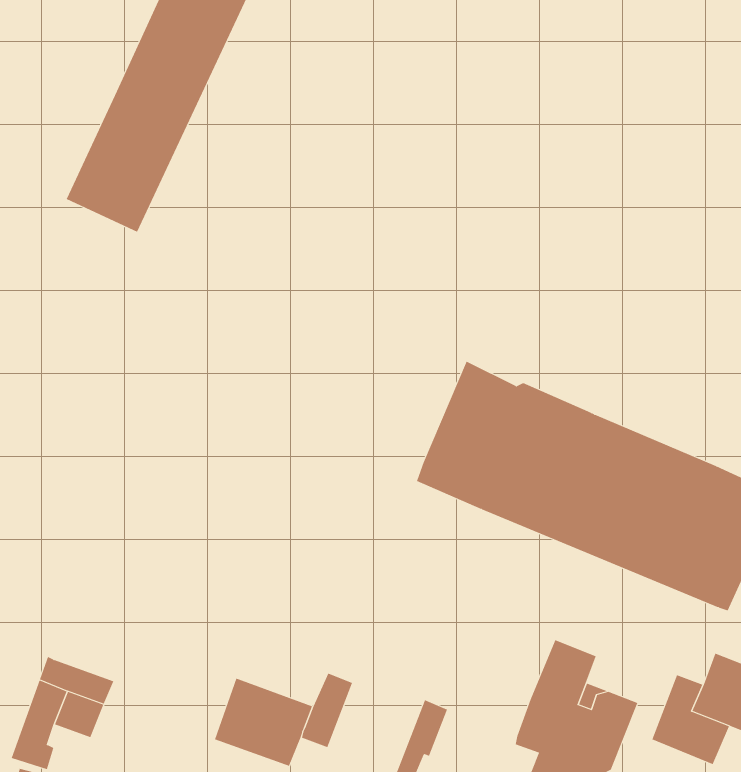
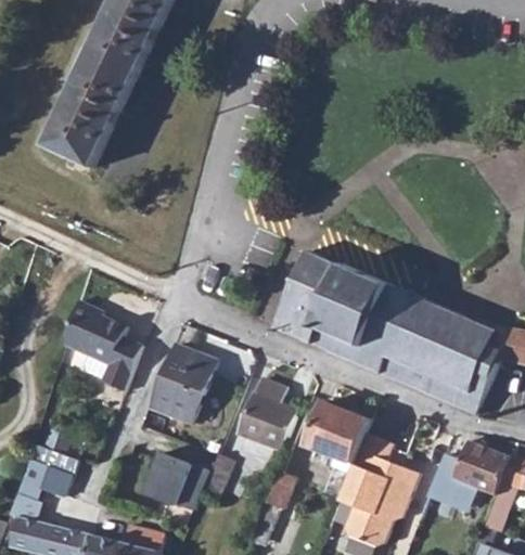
building: none -> [61,300,140,391]
building: none -> [152,345,216,424]
building: none -> [239,377,298,450]
building: none -> [308,401,370,470]

